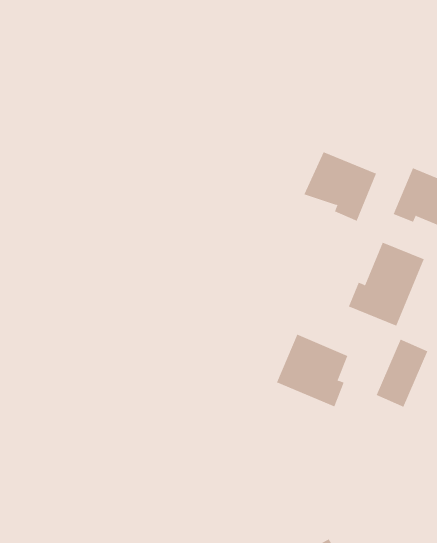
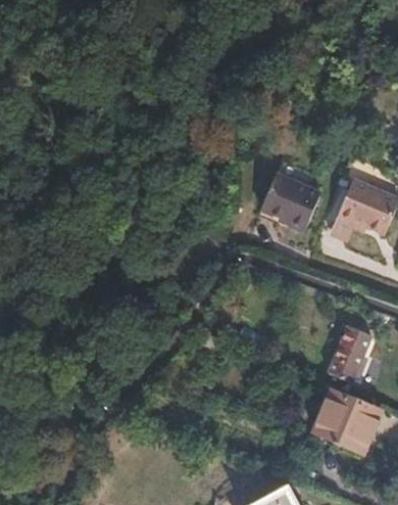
building: [348,242,425,327] -> none
building: [276,334,348,407] -> [312,392,372,453]

